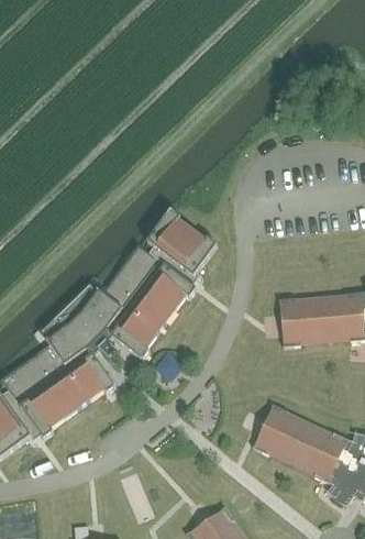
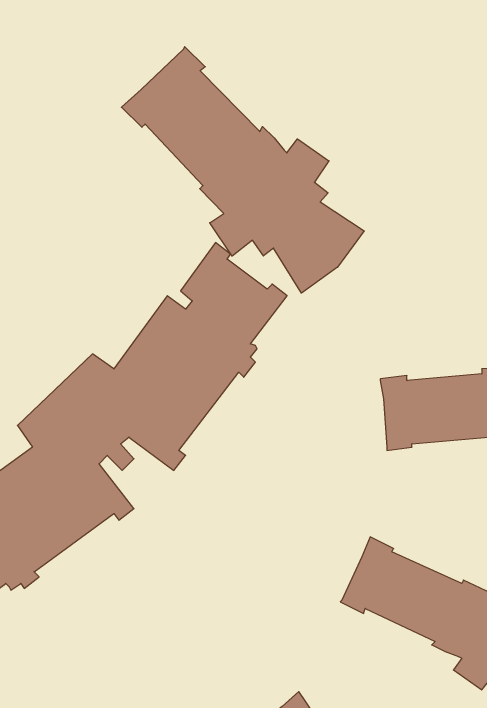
building: none -> [121,47,364,293]

